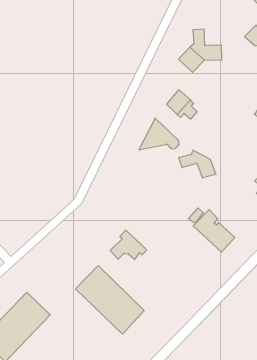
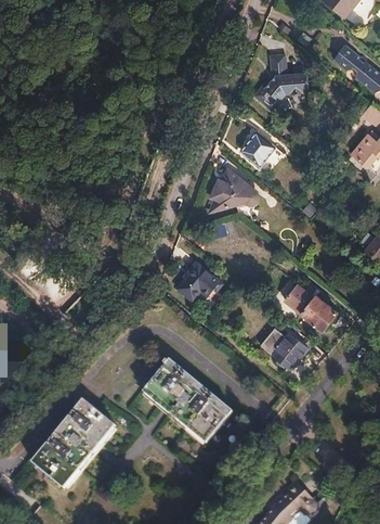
building: [179,150,216,178] -> none
building: [110,230,147,259] -> [176,259,222,296]
building: none -> [260,327,307,369]

